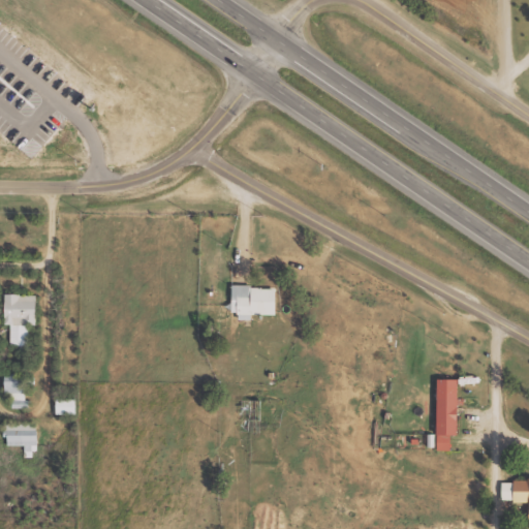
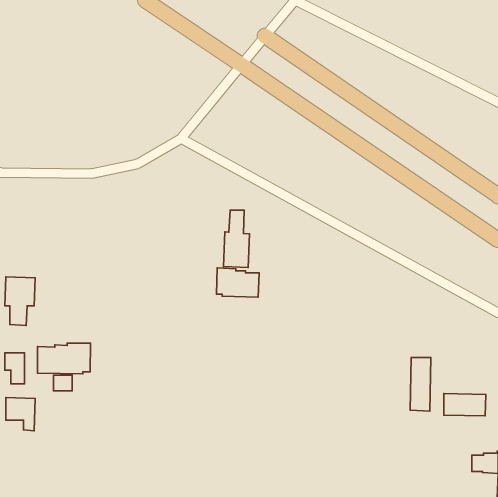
building: none -> [223,210,249,268]
building: none -> [38,343,90,374]
building: none -> [444,394,486,416]

